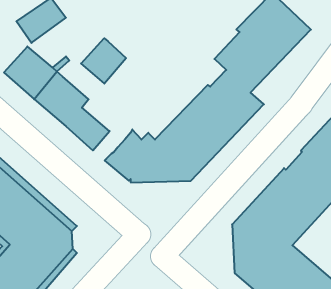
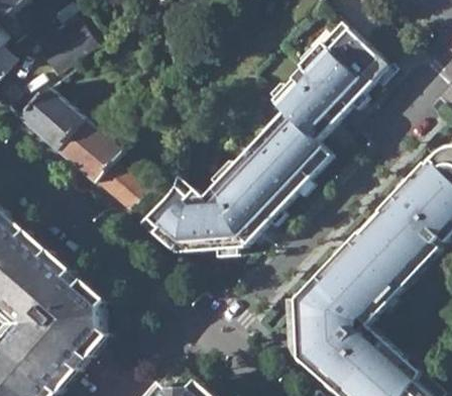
building: [81,38,126,84] -> none

